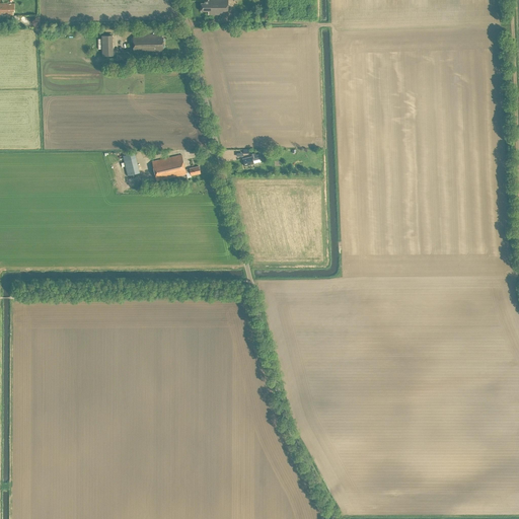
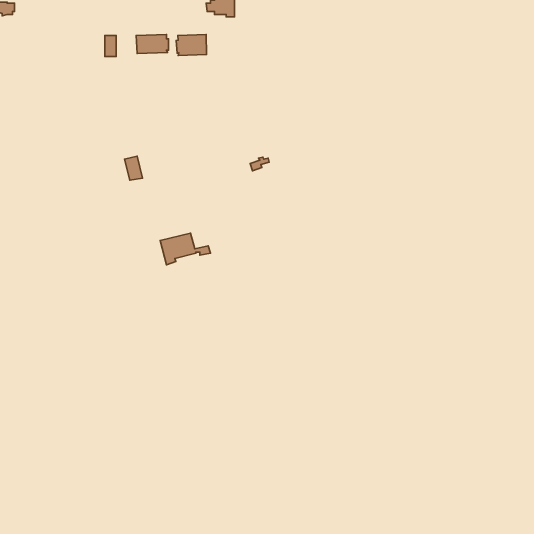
building: none -> [176,35,207,55]
building: [151,154,200,184] -> [160,233,210,265]

